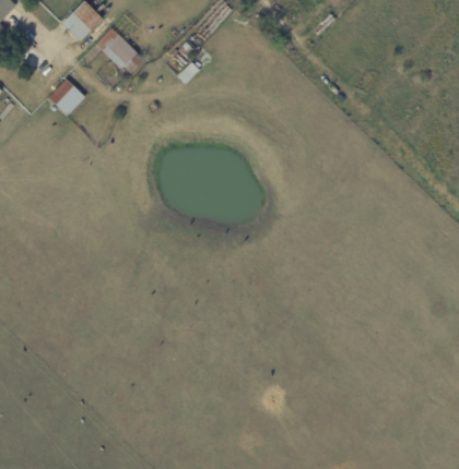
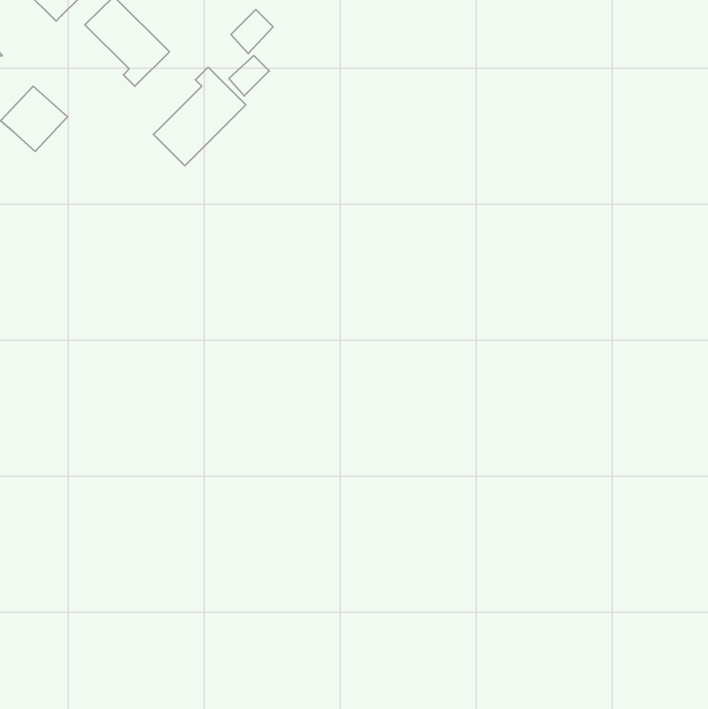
building: none -> [153,67,246,166]

